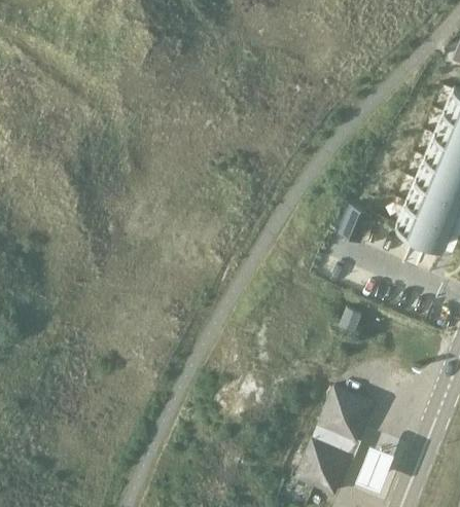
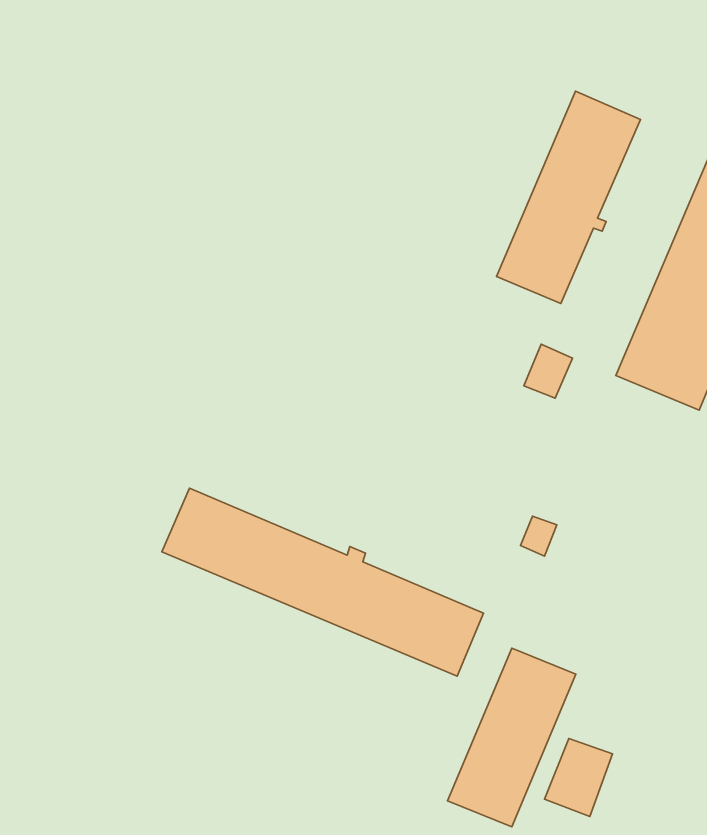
building: none -> [497,91,640,304]
building: none -> [162,488,483,676]

